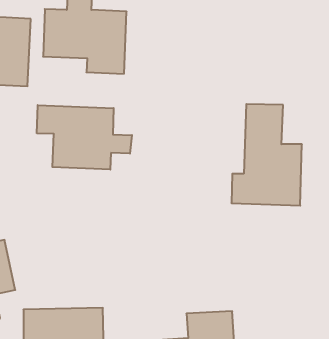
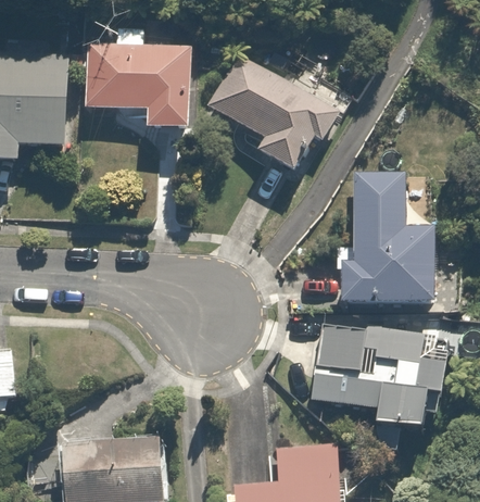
building: none -> [209,55,338,180]
building: [37,105,132,170] -> none
building: none -> [310,322,444,434]

